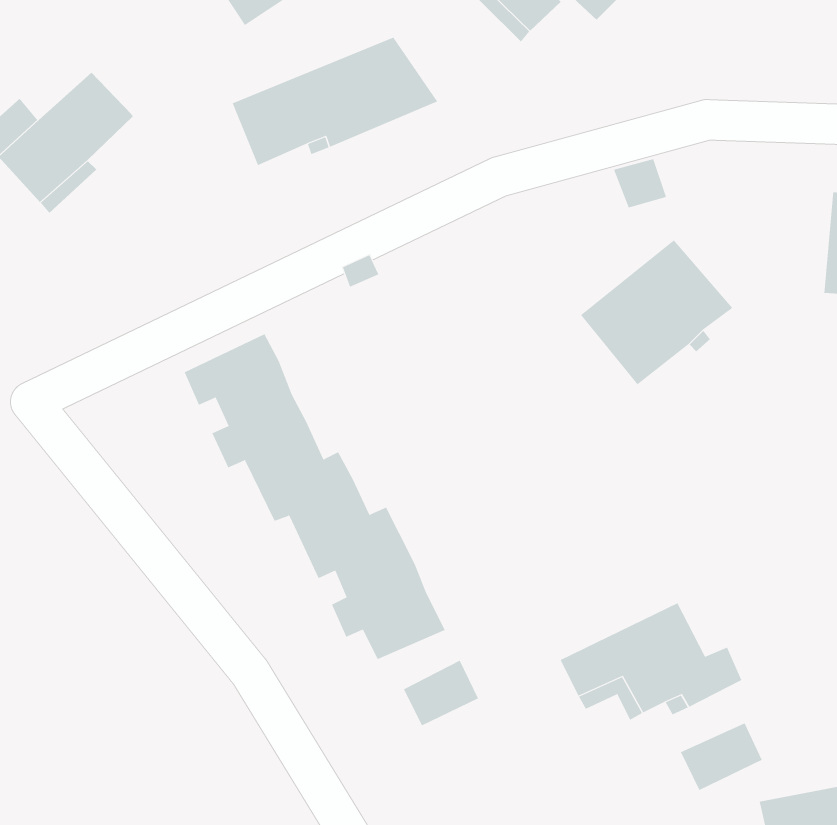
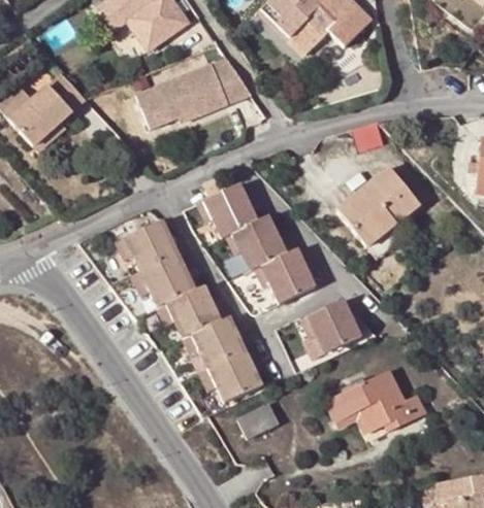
building: none -> [197,183,316,304]
building: none -> [301,300,362,354]
building: [680,722,763,791] -> none

